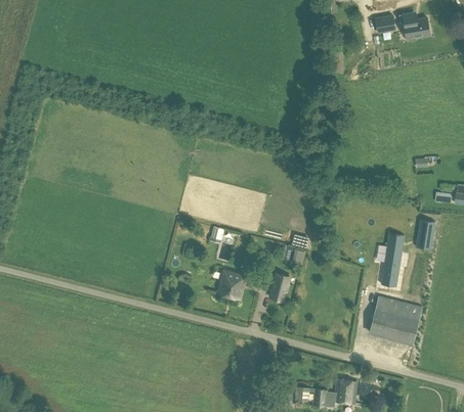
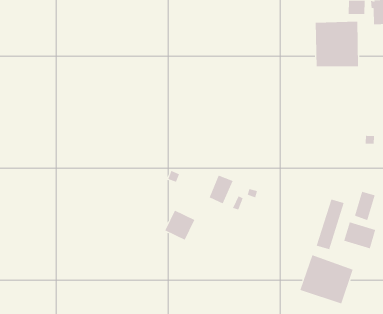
building: none -> [315,21,358,67]
building: none -> [344,222,376,249]
building: [268,272,292,303] -> [209,175,233,204]

